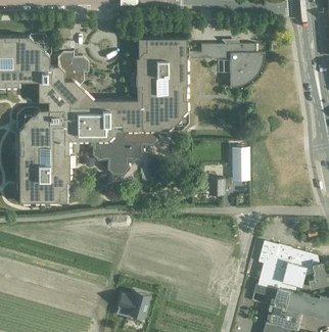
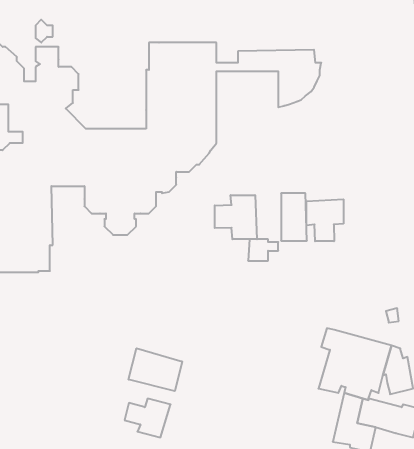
building: none -> [215,195,257,239]
building: none -> [306,199,343,241]
building: none -> [129,348,182,391]

